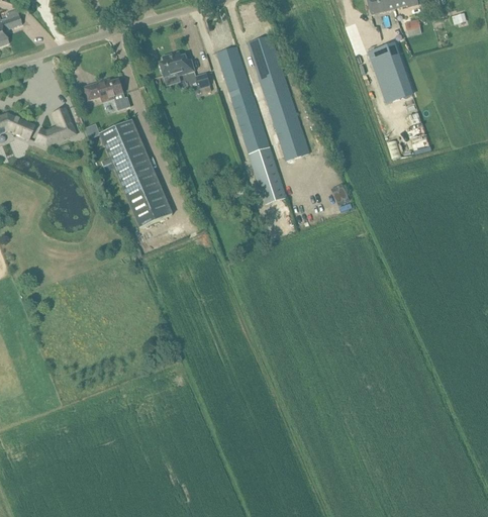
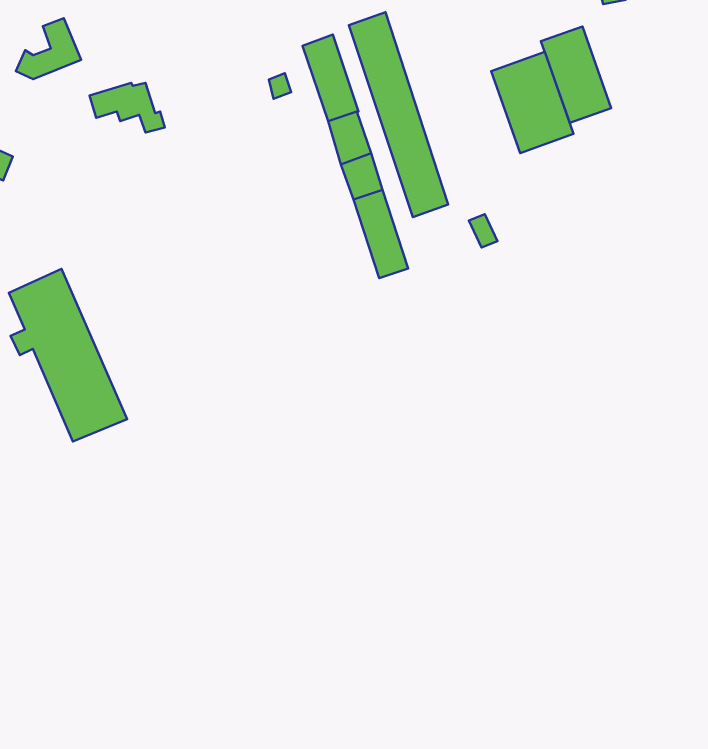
building: [160,50,194,76] -> none
building: none -> [491,52,574,153]
building: [34,106,76,144] -> [16,18,81,79]
building: [99,117,174,226] -> [9,269,127,442]

